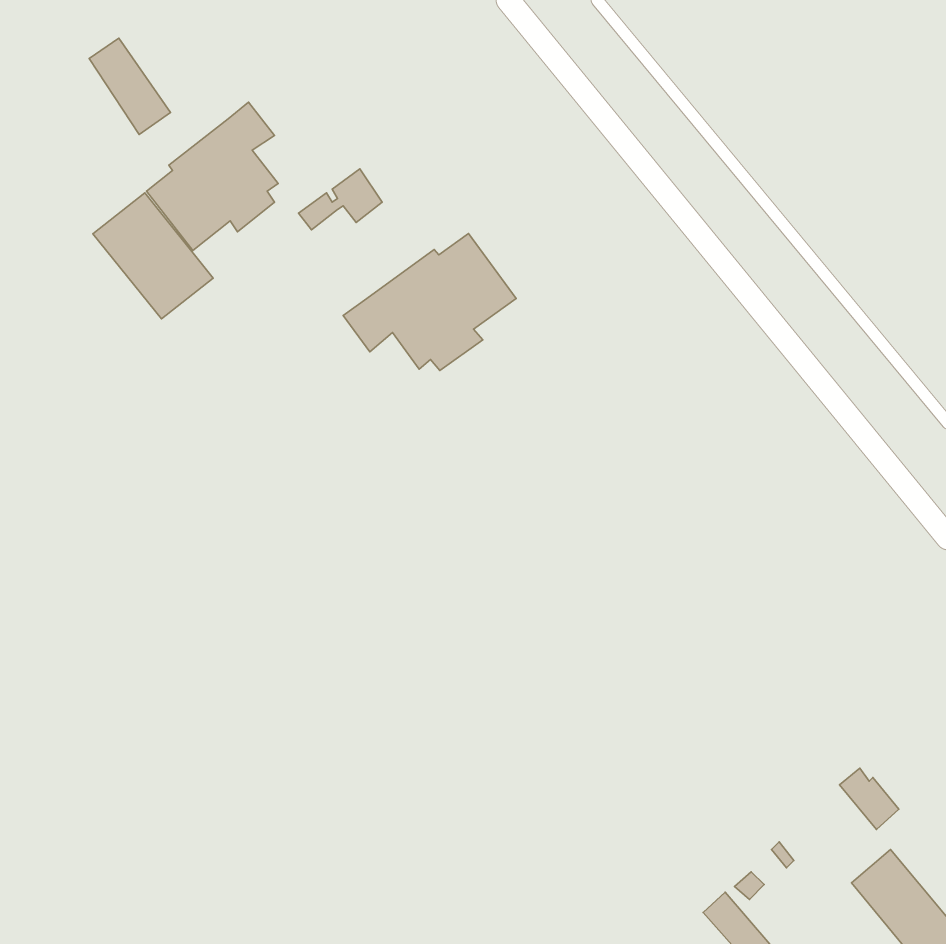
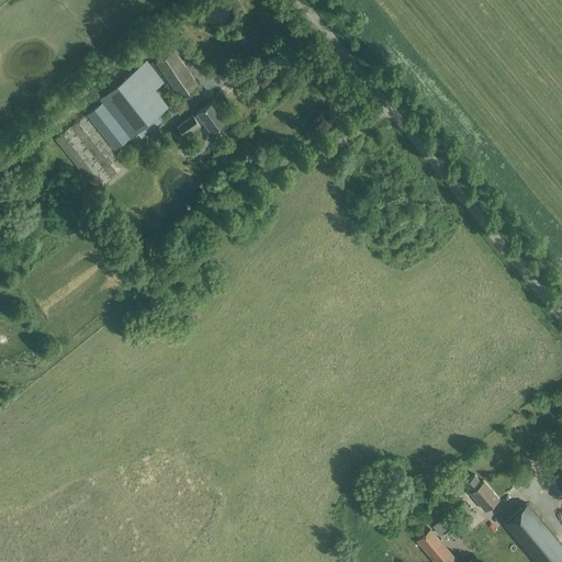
building: [89,38,171,135] -> [151,43,200,100]
building: [343,233,516,370] -> none
building: [840,768,899,829] -> [464,476,499,513]

